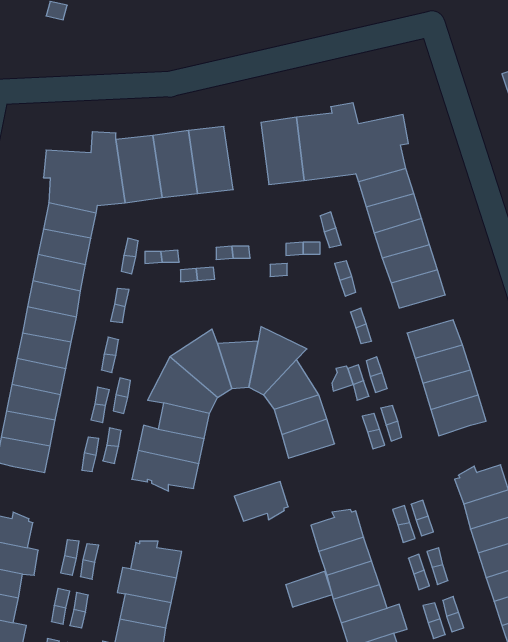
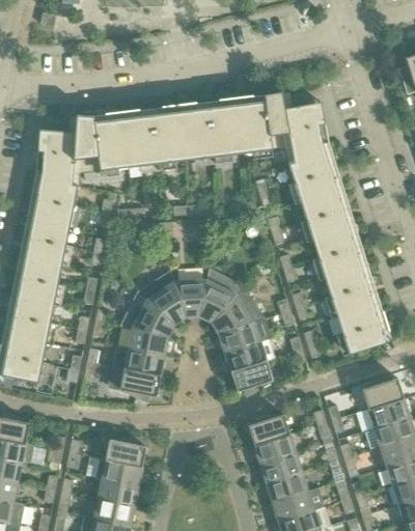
building: none -> [179,107,215,160]
building: none -> [317,243,360,273]
building: [234,482,288,521] -> [230,360,273,391]
building: [286,571,332,607] -> none

